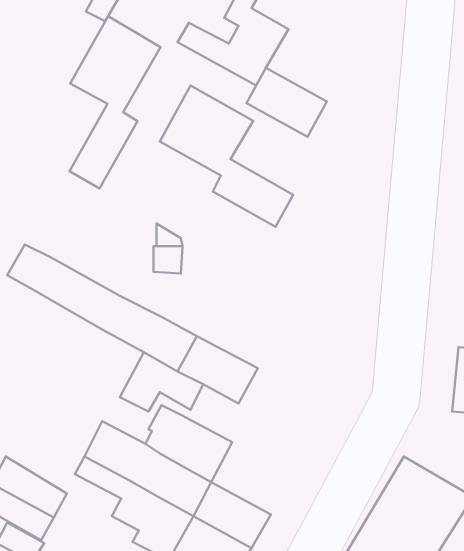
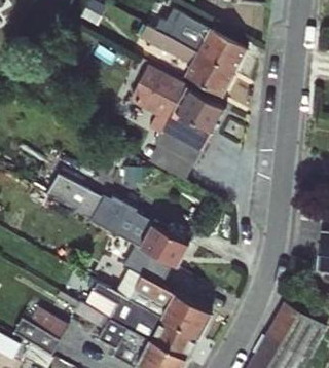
building: [69,16,160,189] -> none
building: none -> [196,28,249,74]
building: none -> [174,86,228,134]
building: none -> [150,132,203,181]
building: none -> [161,292,214,338]

